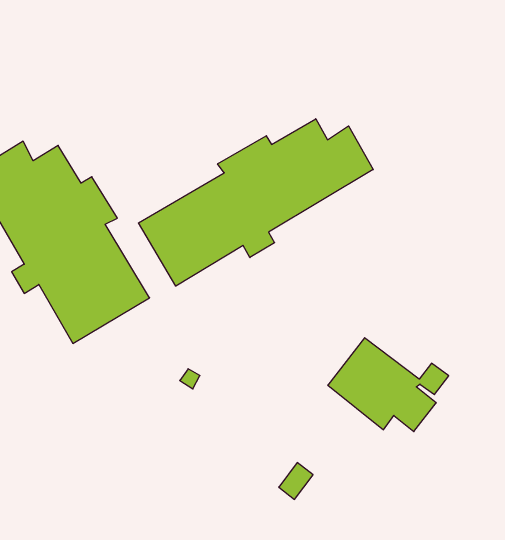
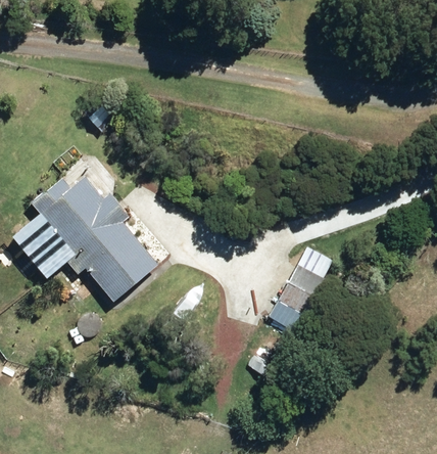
building: [138,119,373,286] -> none

